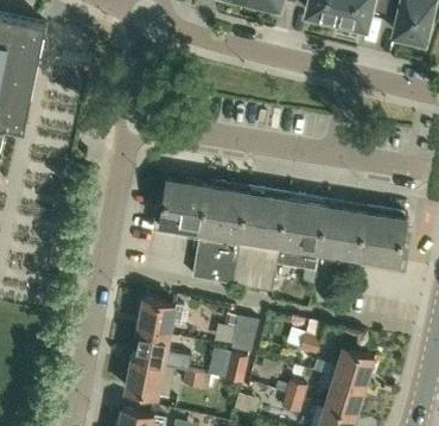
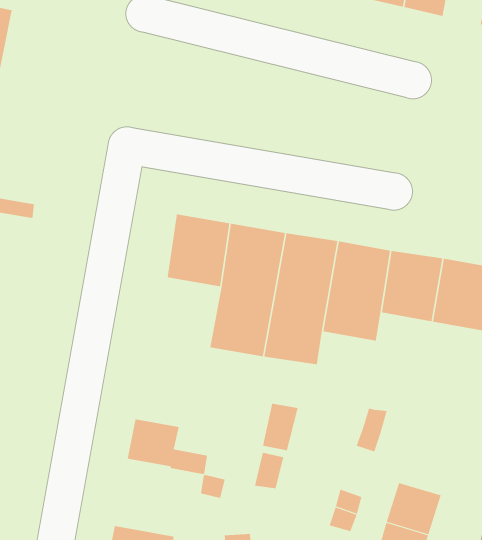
building: [136,299,187,336] -> none
building: [333,348,375,387] -> none
building: [125,360,163,396] -> none

